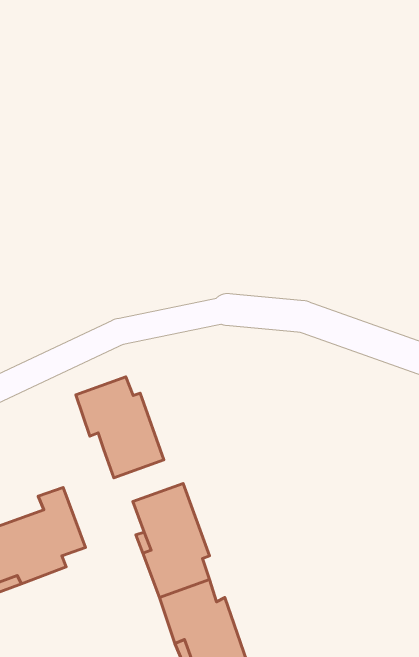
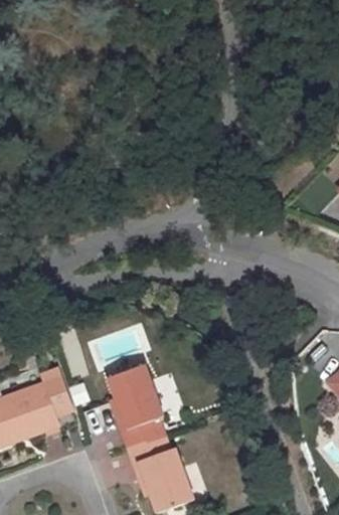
building: [76,377,164,478] -> none

